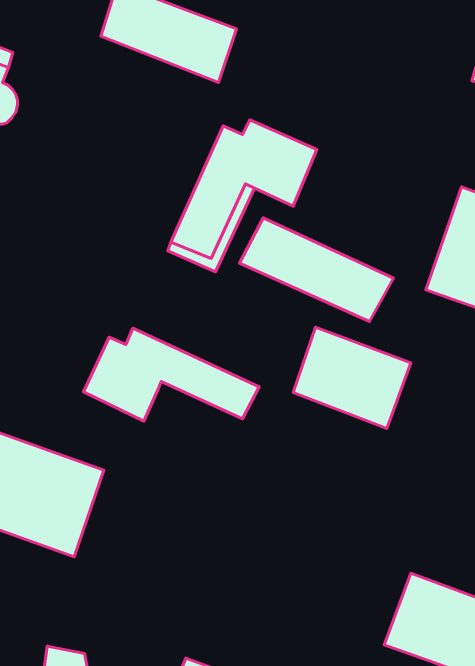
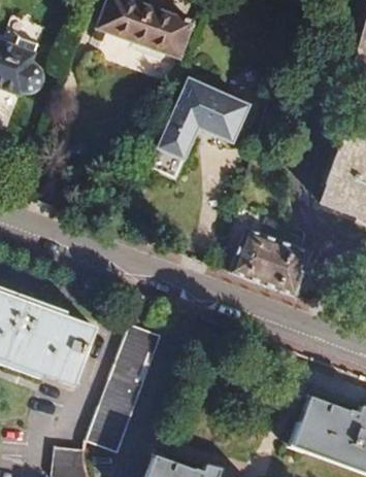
building: [240,218,393,322] -> none
building: [83,328,259,421] -> none
building: none -> [89,323,161,453]

